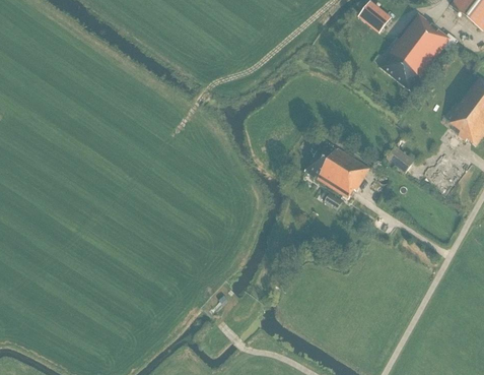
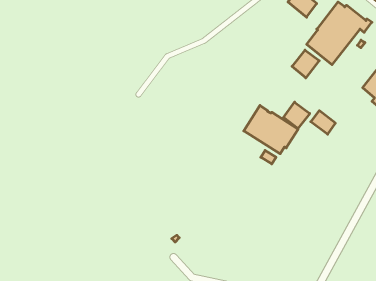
building: none -> [292,50,319,78]
building: none -> [283,102,310,129]

